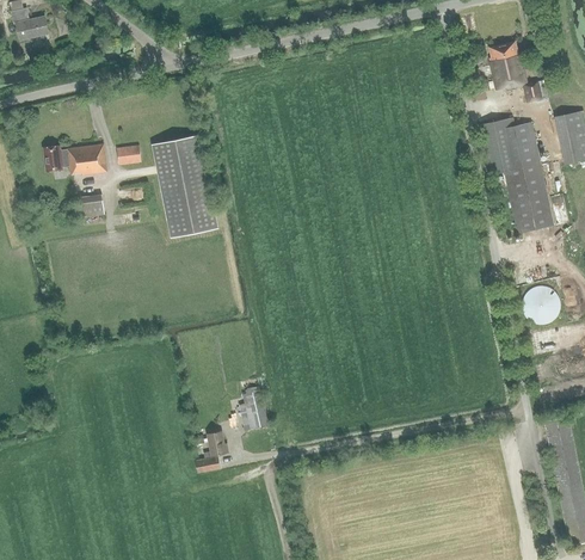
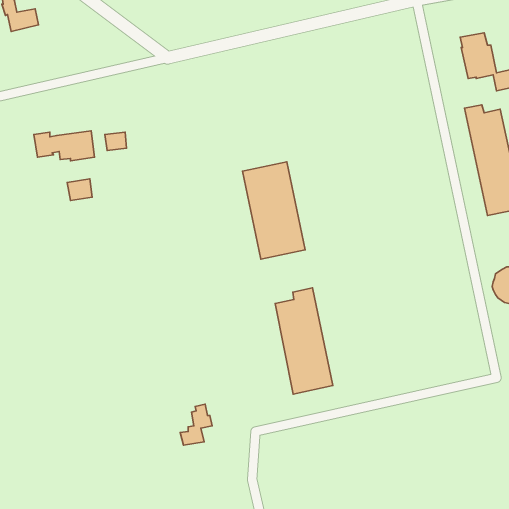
building: [150,135,216,236] -> [242,162,305,259]
building: none -> [275,288,333,394]
building: [239,386,267,431] -> none

